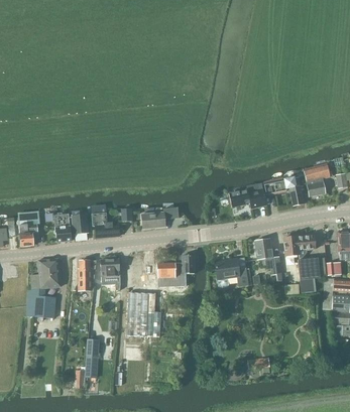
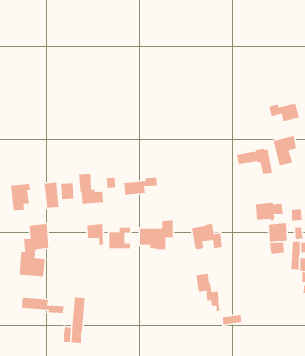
building: none -> [269,103,300,122]
building: [230,189,266,209] -> none
building: [255,238,282,280] -> [196,273,221,312]
building: [79,260,97,290] -> none
building: [127,291,161,336] -> none
building: none -> [21,297,64,314]

